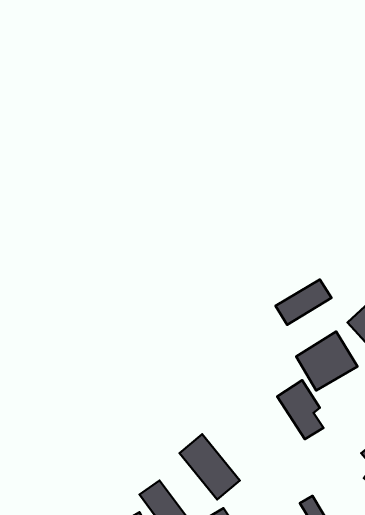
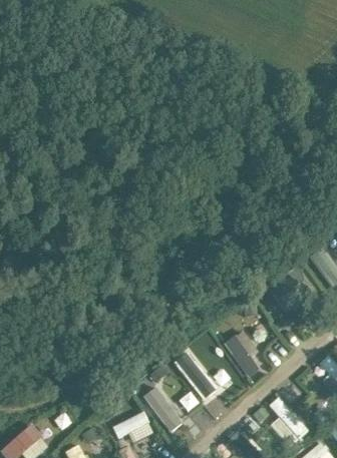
building: [276,280,332,325] -> none
building: [277,380,324,439] -> [224,331,261,378]

